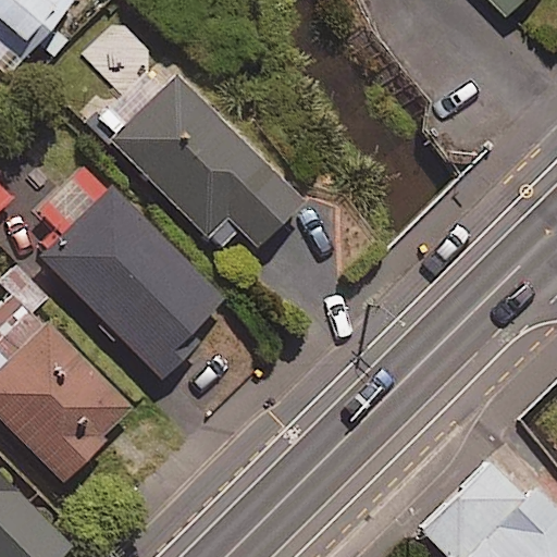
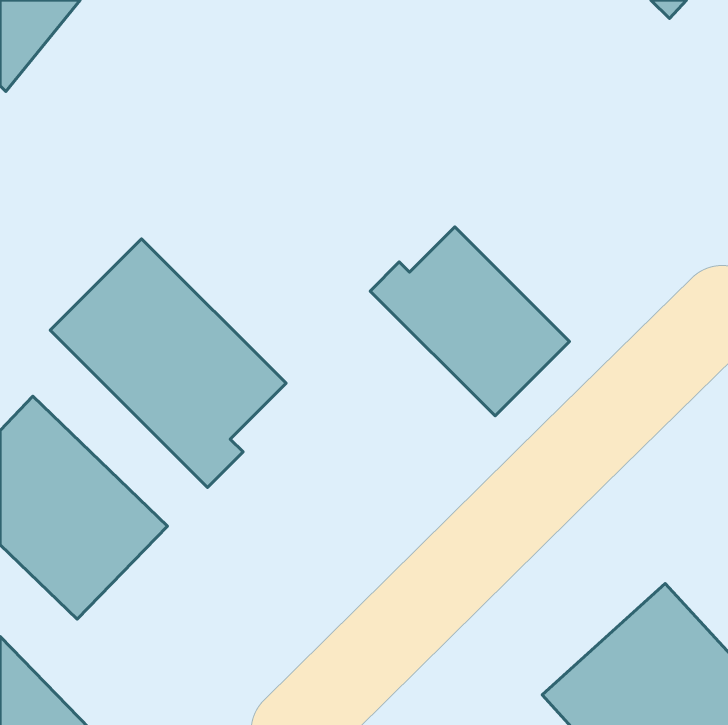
building: [107,71,300,246] -> none
building: none -> [370,227,569,416]

